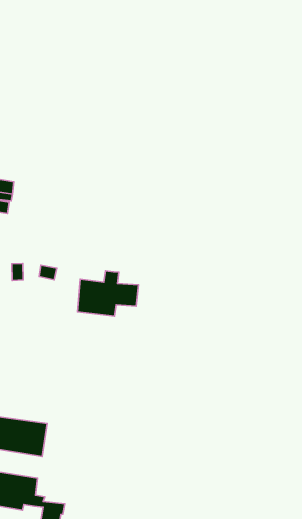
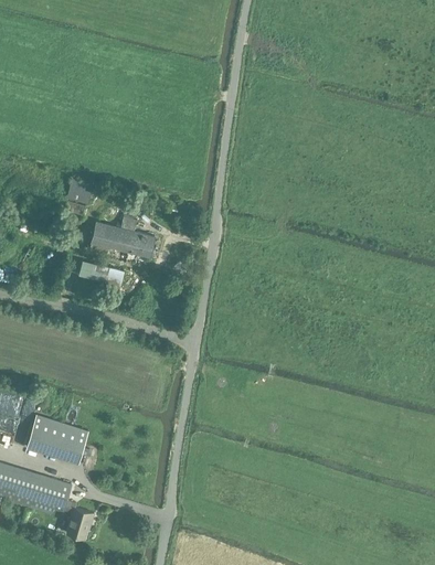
building: [77,271,139,316] -> [89,216,155,263]

